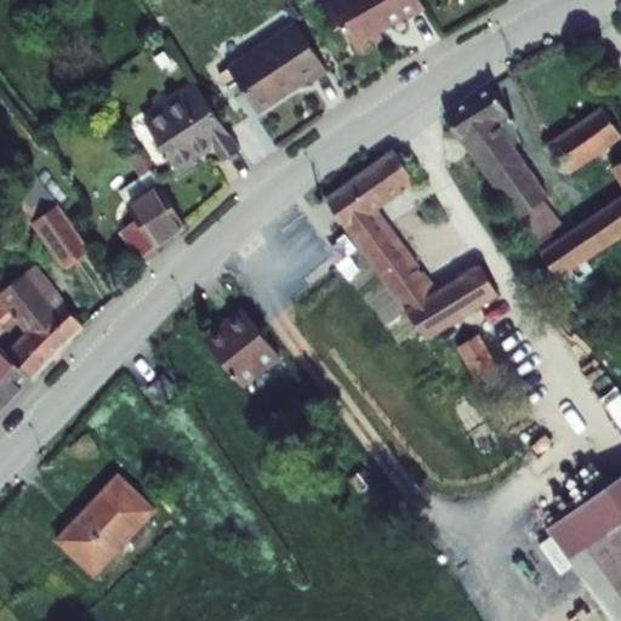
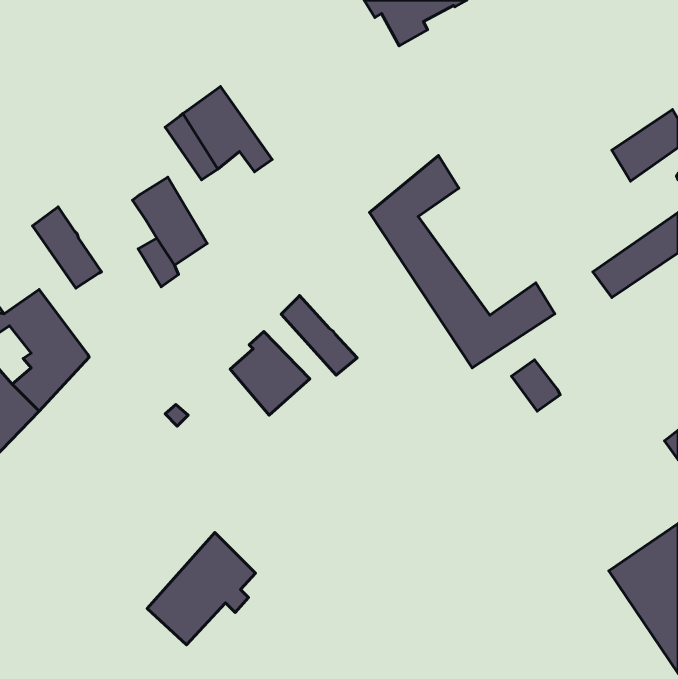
building: [233,27,330,114] -> none
building: [446,86,560,245] -> none
building: none -> [281,296,357,375]
building: [52,472,149,572] -> [147,533,255,645]

